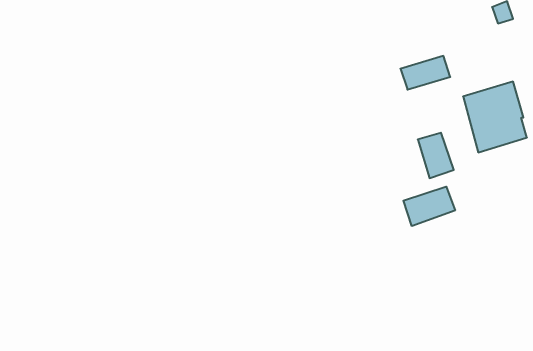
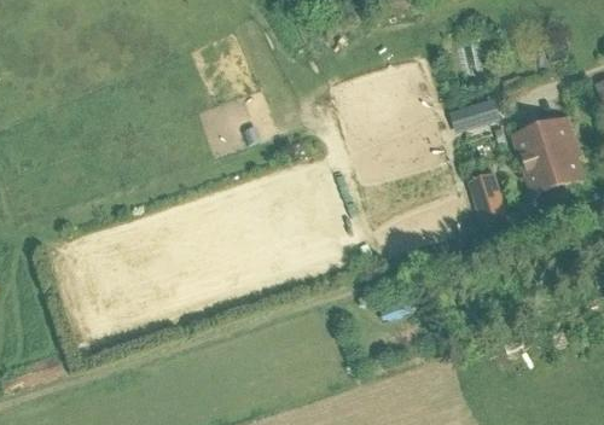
building: [403,187,455,226] -> none

